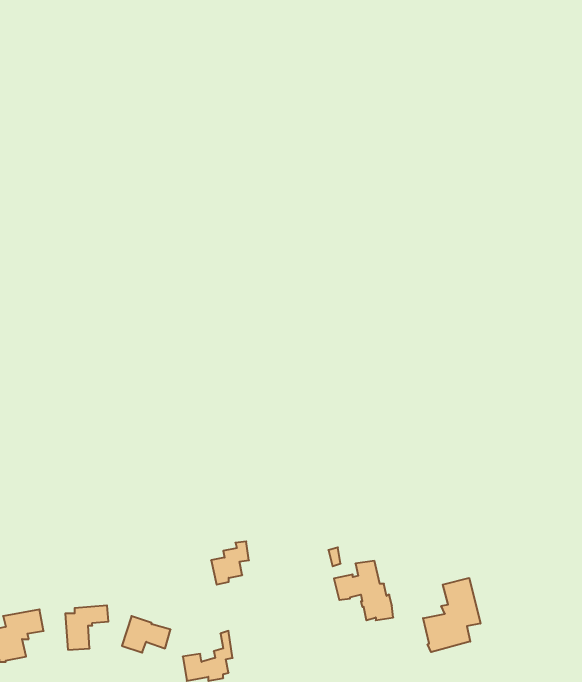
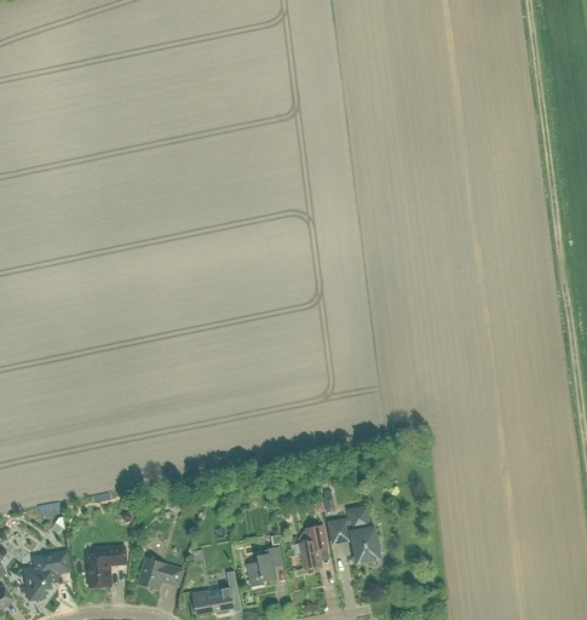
building: [211,541,249,585] -> [247,547,281,586]
building: [423,578,480,652] -> none
building: none -> [294,526,327,569]

